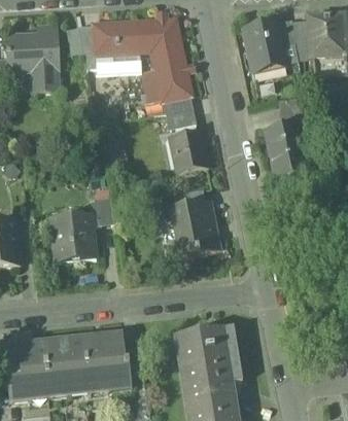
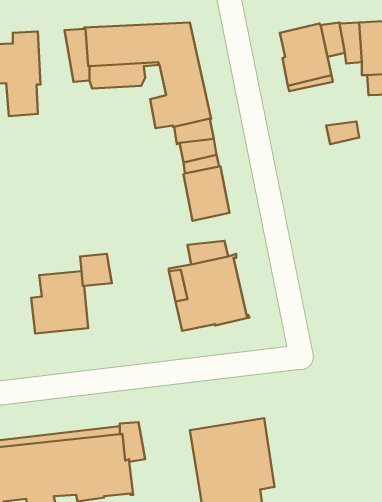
building: [265,121,307,178] -> none

